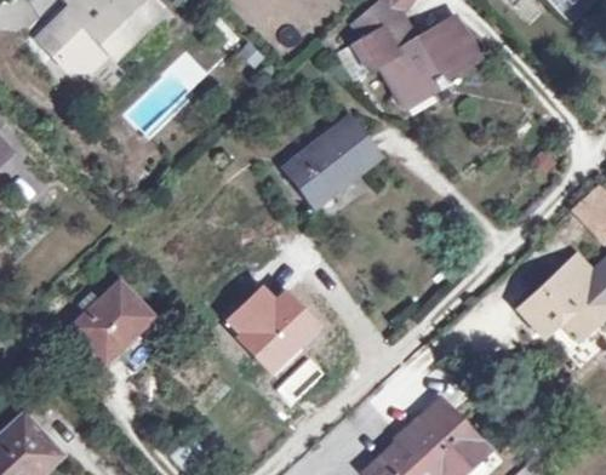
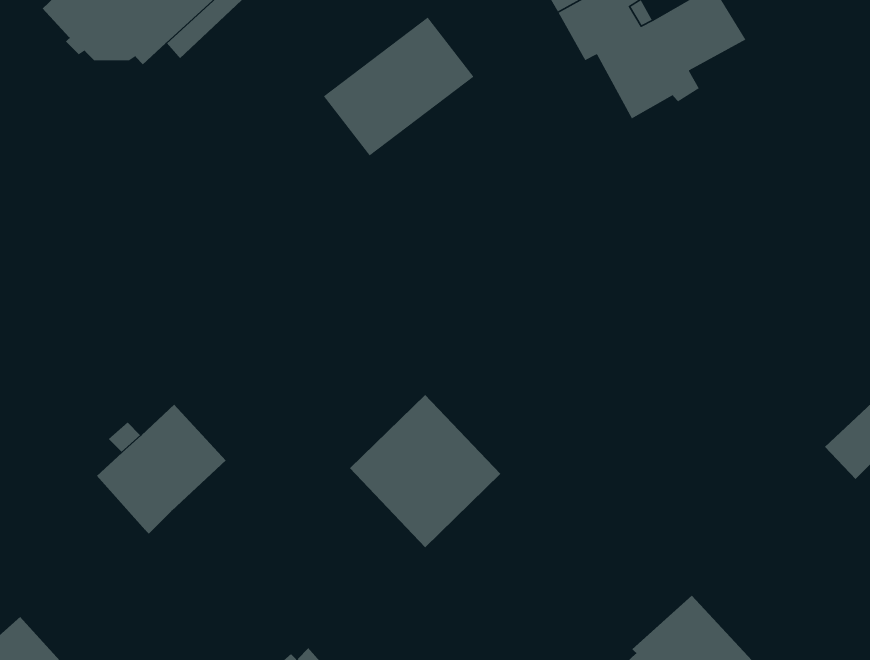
building: [282,118,377,205] -> [323,16,475,157]

